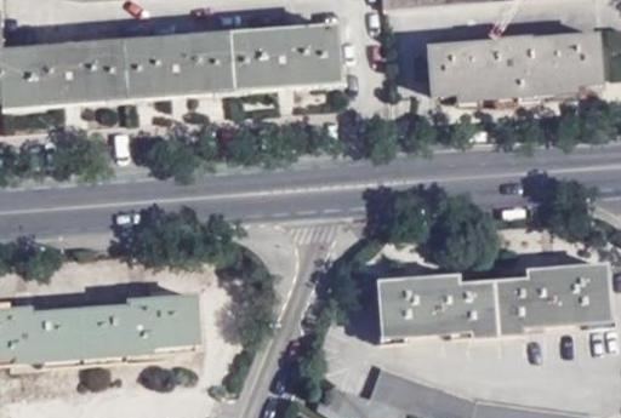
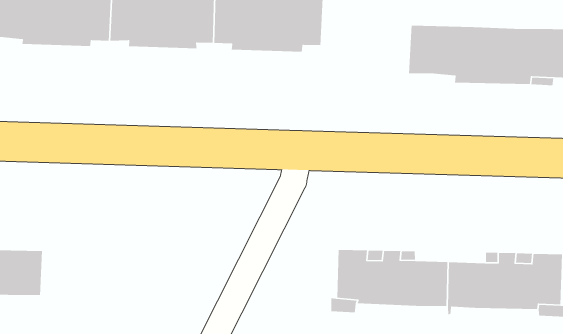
building: [80,294,198,356] -> none

